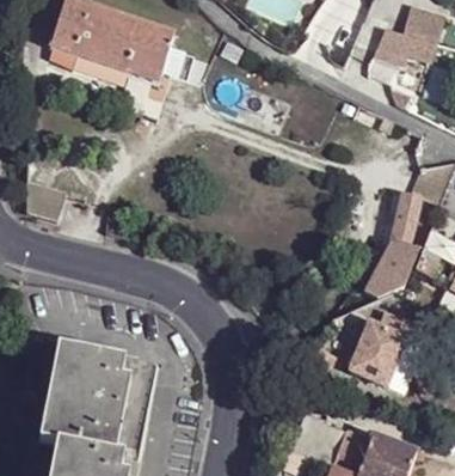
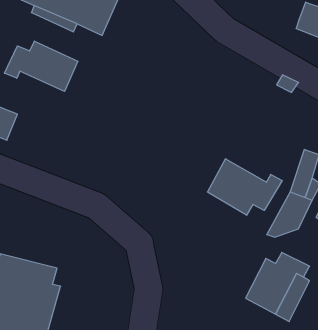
building: none -> [4,41,78,91]
building: none -> [207,159,282,215]

